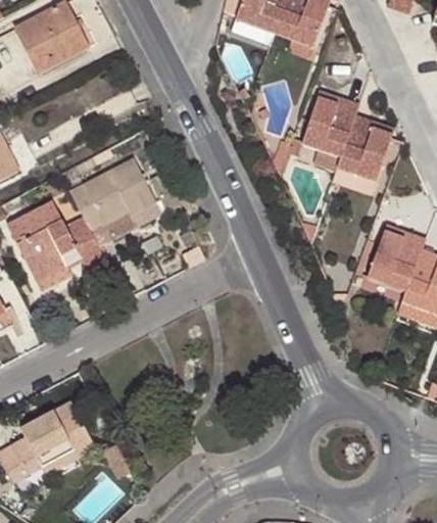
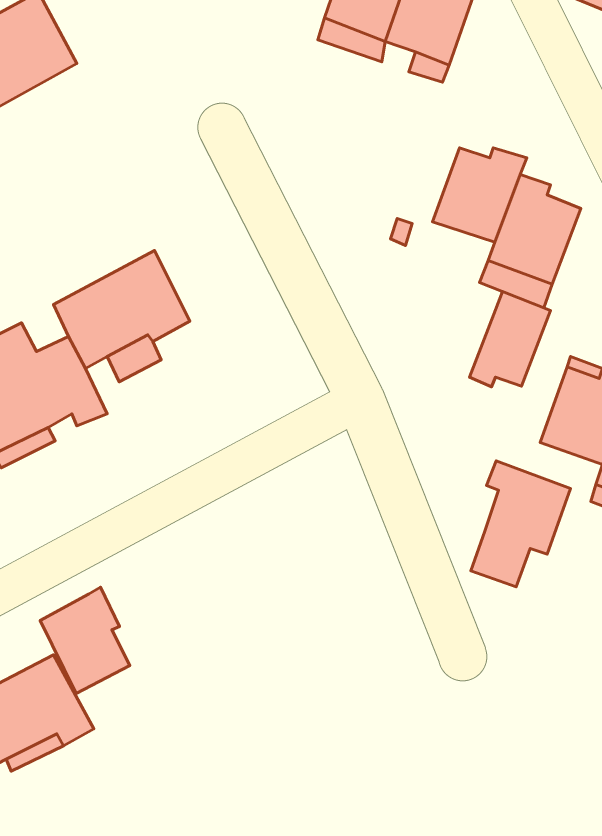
building: none -> [470,292,550,387]
building: none -> [471,461,570,587]
building: none -> [40,587,130,693]

